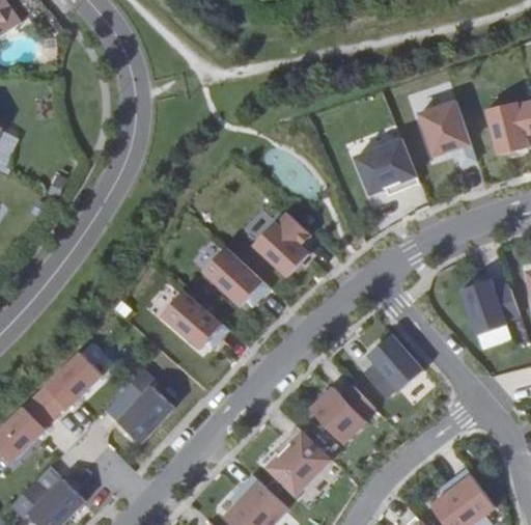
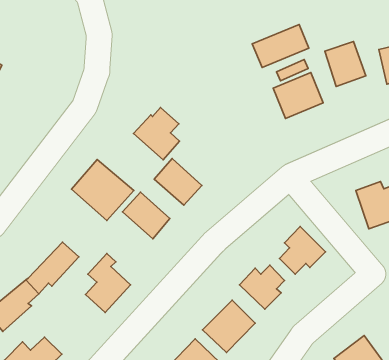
building: none -> [252,25,309,67]
building: [253,214,311,280] -> [134,107,180,160]
building: none -> [71,160,134,221]

